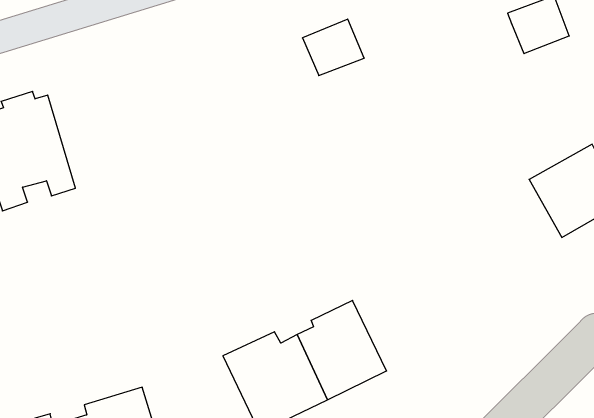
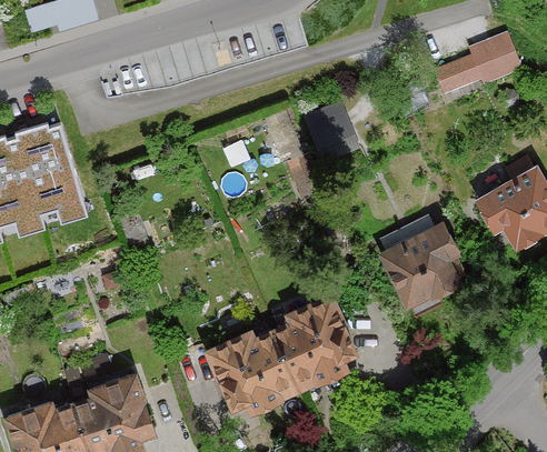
building: [302,19,364,76] -> [295,104,349,154]
building: none -> [429,60,476,101]
building: none -> [380,224,461,313]

